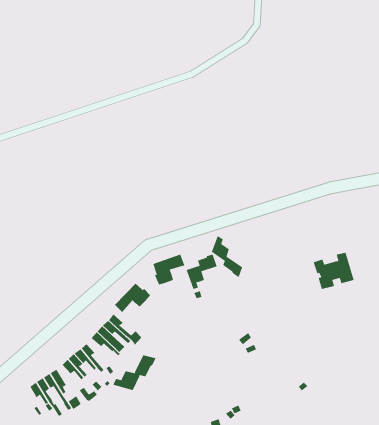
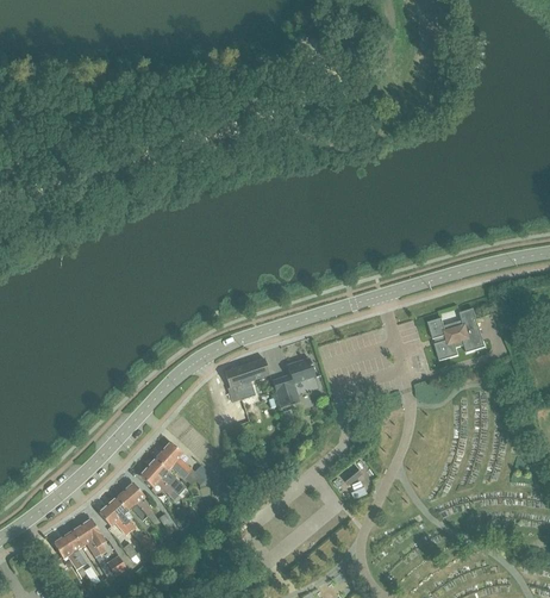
building: [211,235,243,278] -> none
building: [313,252,355,290] -> [427,307,486,360]
building: [114,283,151,313] -> none
building: [112,354,156,391] -> none

